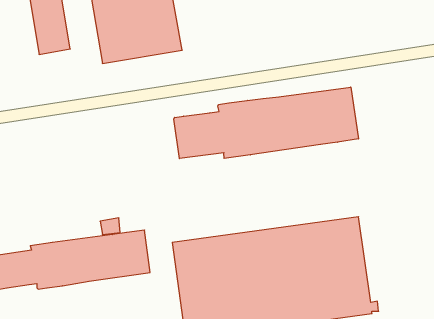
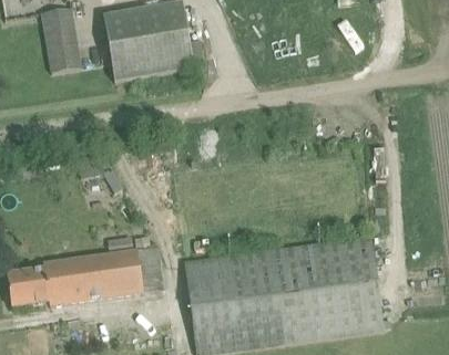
building: [174,87,358,159] -> none

